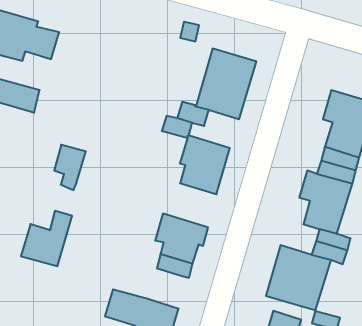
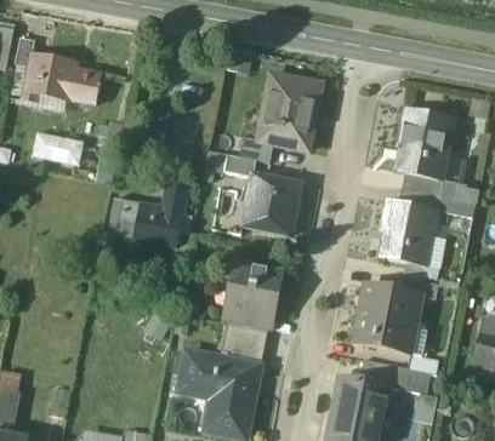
building: [21,211,72,266] -> [135,184,187,245]
building: none -> [221,321,260,363]

